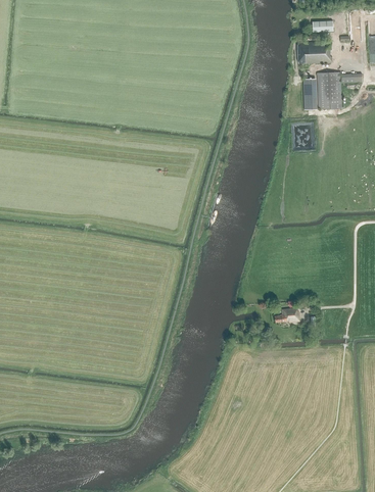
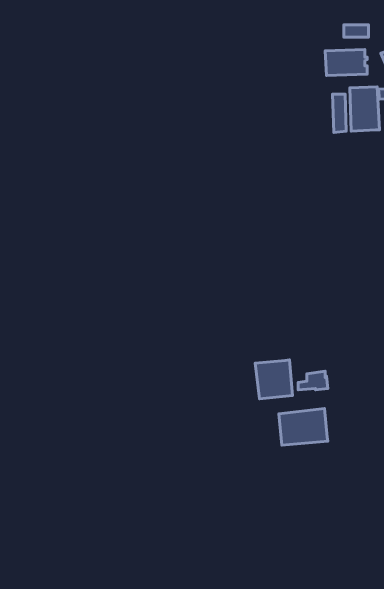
building: none -> [255,360,293,399]
building: none -> [279,408,328,445]

